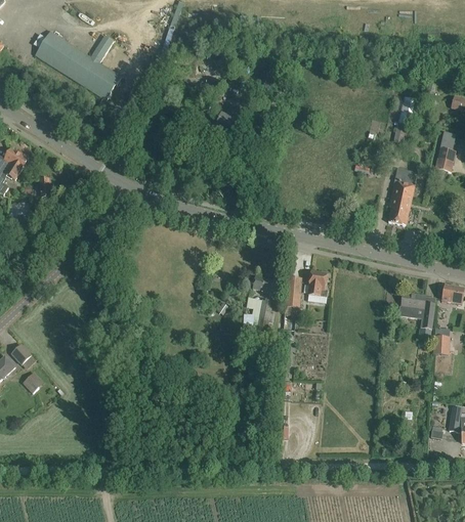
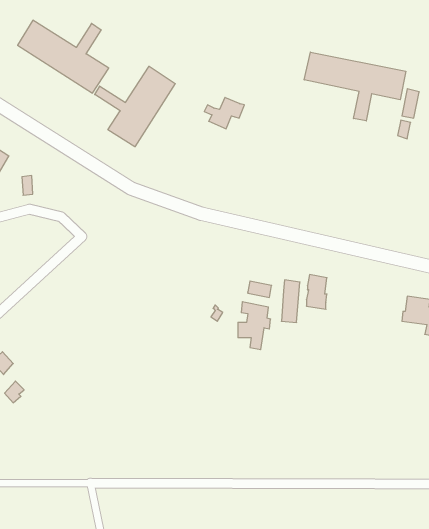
building: none -> [304,52,406,121]
building: none -> [95,66,175,147]
building: [387,168,416,225] -> none

